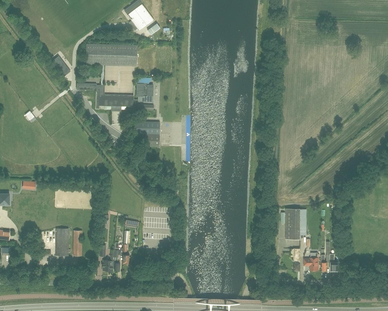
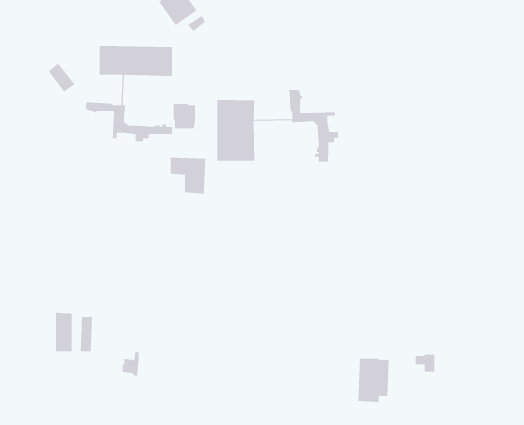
building: none -> [217,89,339,163]
building: [285,208,307,239] -> [358,358,390,403]

